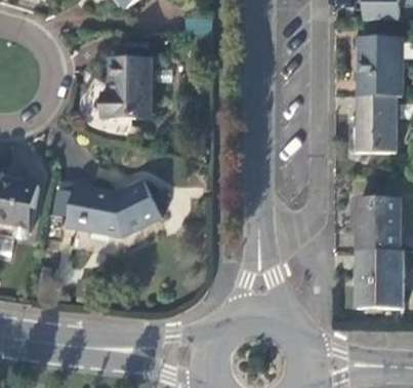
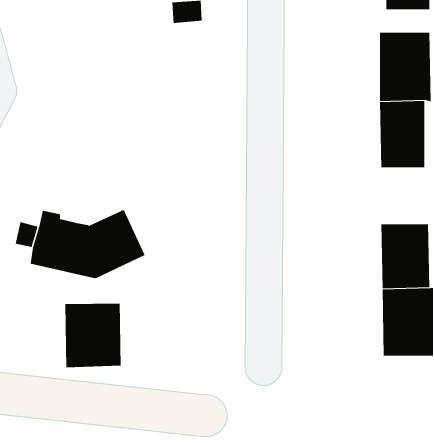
building: [106,57,153,122] -> none
building: none -> [65,303,121,368]

